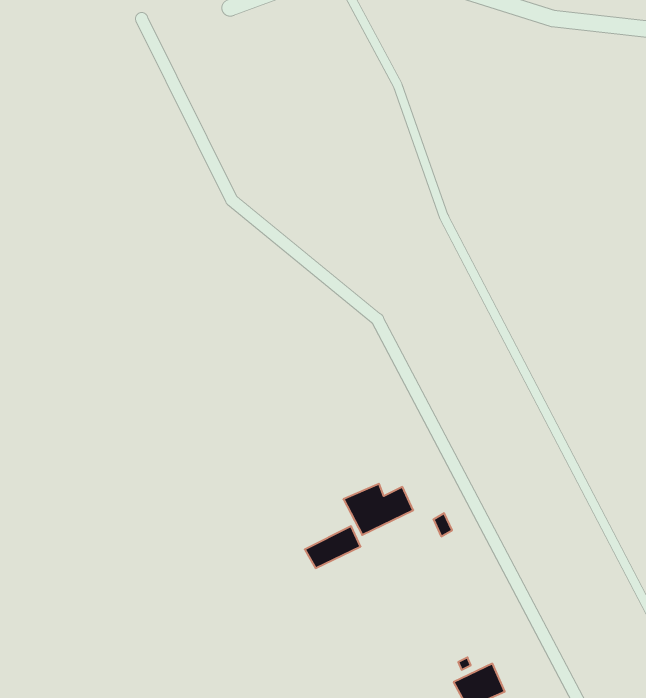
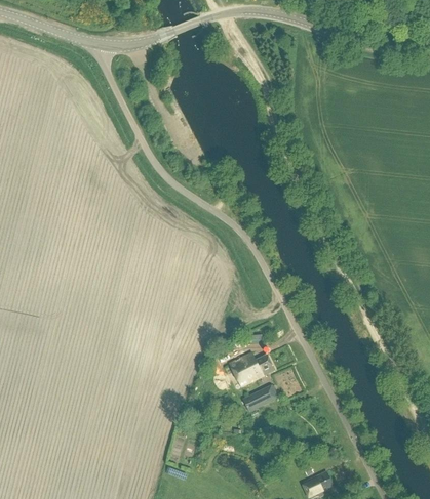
building: [305,526,361,568] -> [242,383,279,411]

